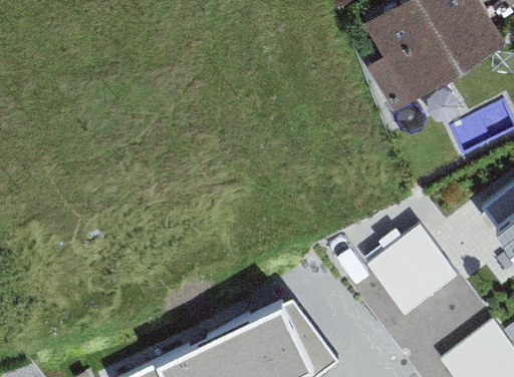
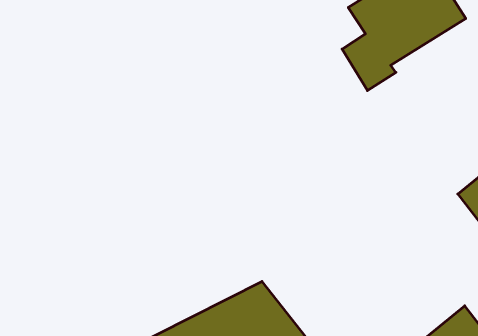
building: [368,227,457,314] -> none

